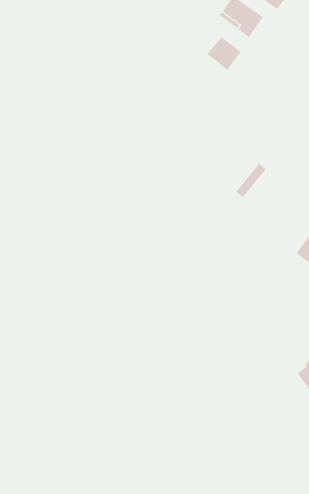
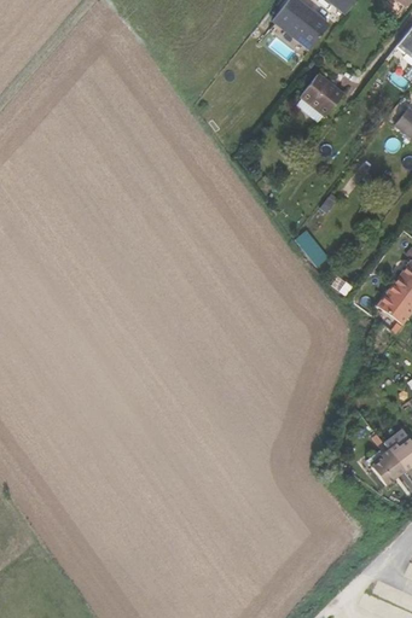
building: [207,36,242,70] -> [300,71,343,113]

